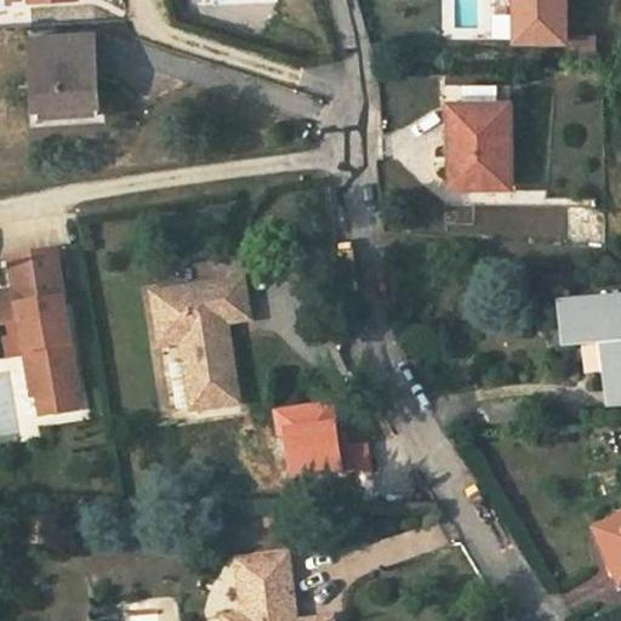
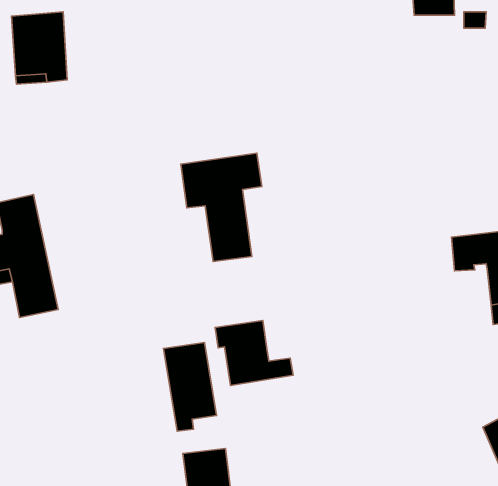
building: [449,85,506,187] -> none
building: [150,283,247,412] -> [181,153,262,262]
building: none -> [163,342,216,431]

